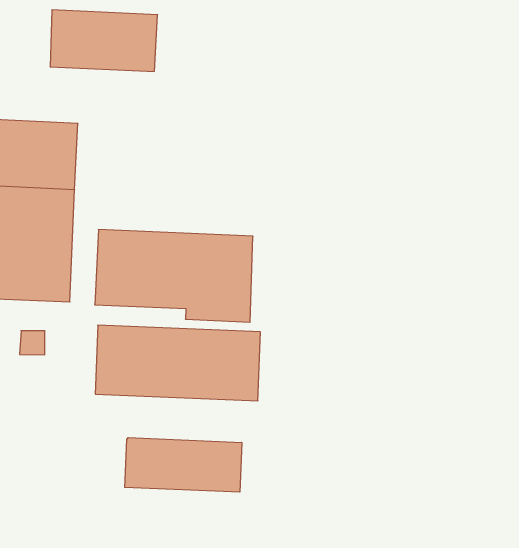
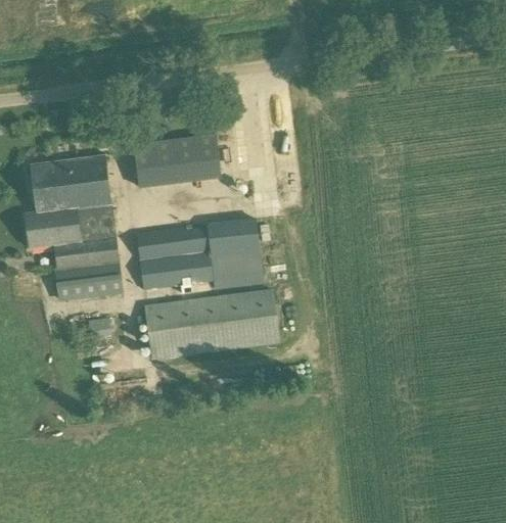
building: [50,10,158,71] -> [133,133,220,187]
building: [125,438,242,492] -> none

